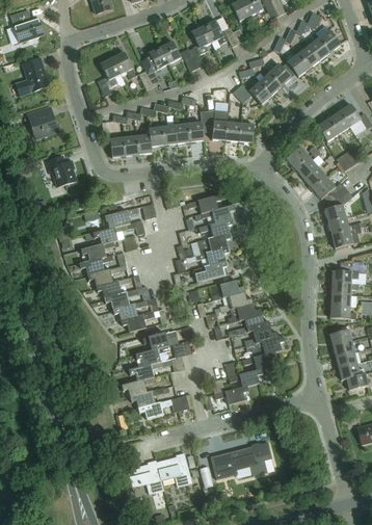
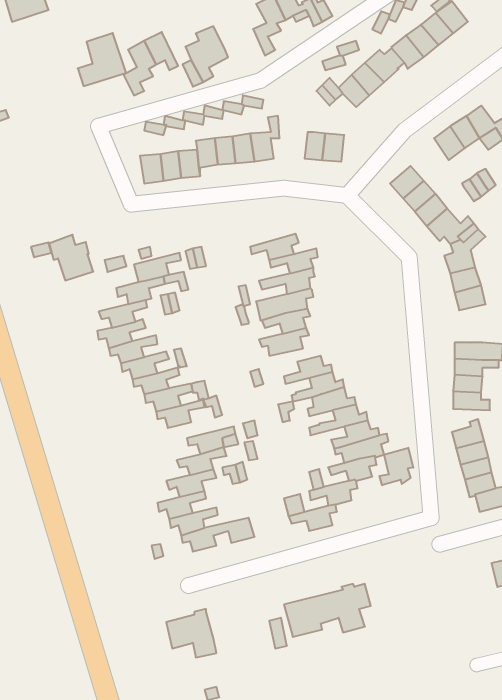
building: [161,41,197,71] -> none
building: [16,57,50,95] -> [78,33,126,86]
building: [27,106,58,138] -> none
building: [207,109,229,140] -> none
building: [46,155,77,187] -> [49,235,93,280]
building: none -> [379,448,413,485]
building: [156,451,192,485] -> none

